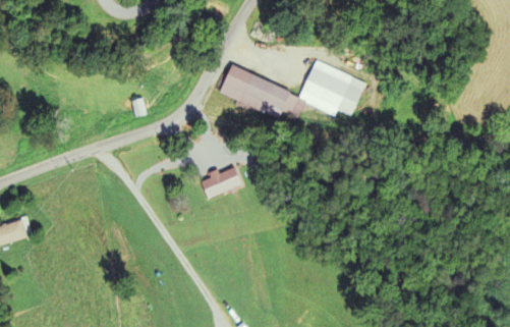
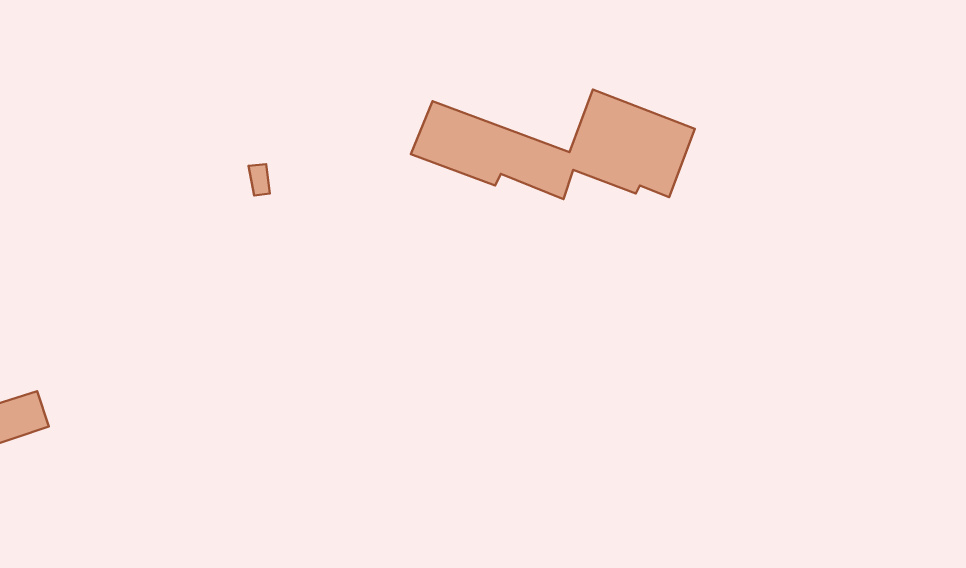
building: [201,165,241,200] -> none

